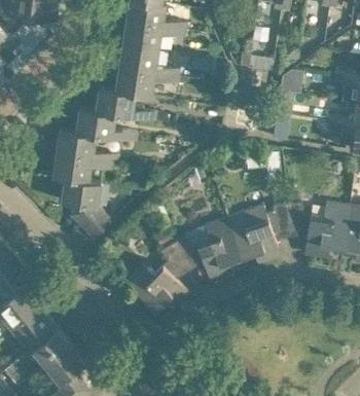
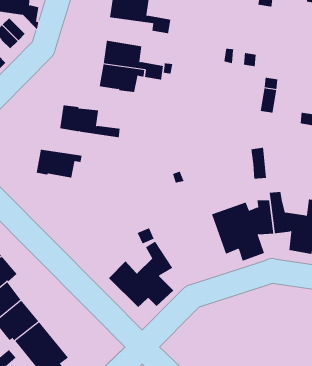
building: [122,22,169,50] -> none
building: [96,87,156,121] -> none
building: [57,130,117,170] -> none
building: [62,178,111,240] -> none
building: [172,218,242,282] -> none

